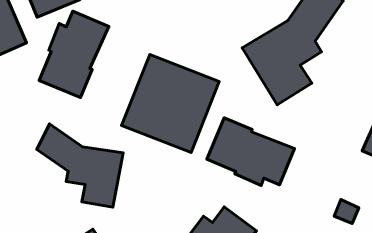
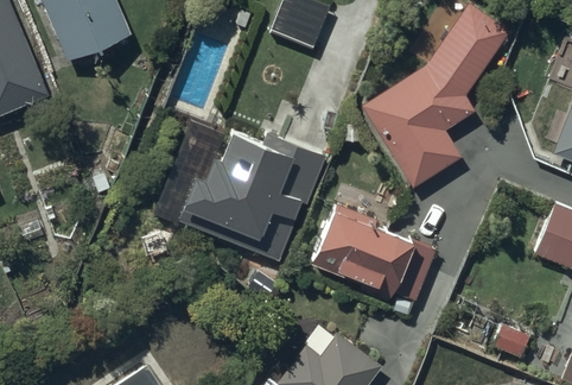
building: [39,11,109,98] -> none
building: [37,124,123,207] -> none

